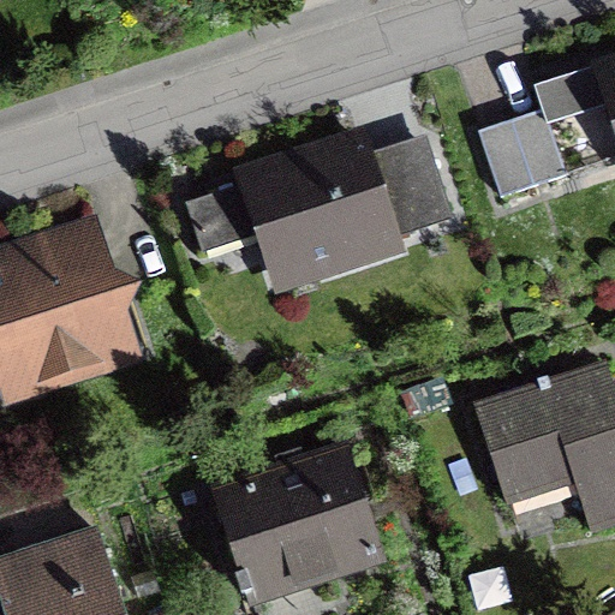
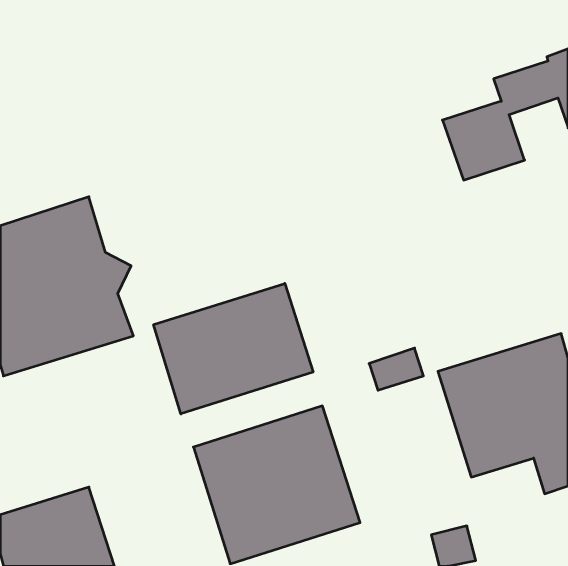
building: [187,126,454,295] -> none
building: none -> [154,283,313,414]

